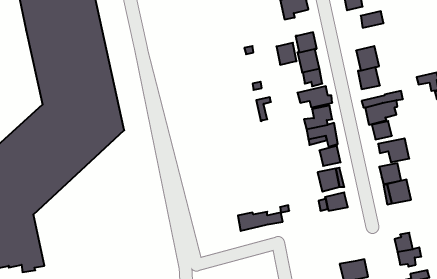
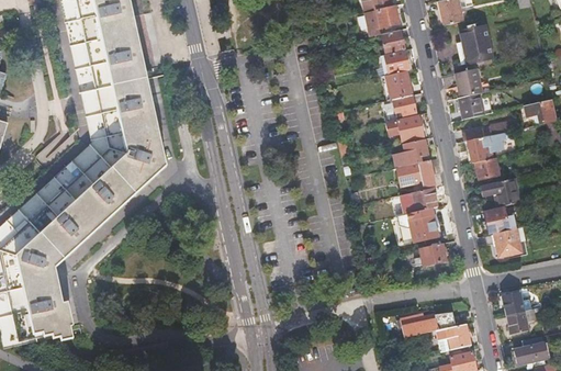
building: none -> [463,40,492,64]
building: [276,43,297,65] -> [381,29,405,55]
building: [238,212,283,231] -> [401,313,455,336]

